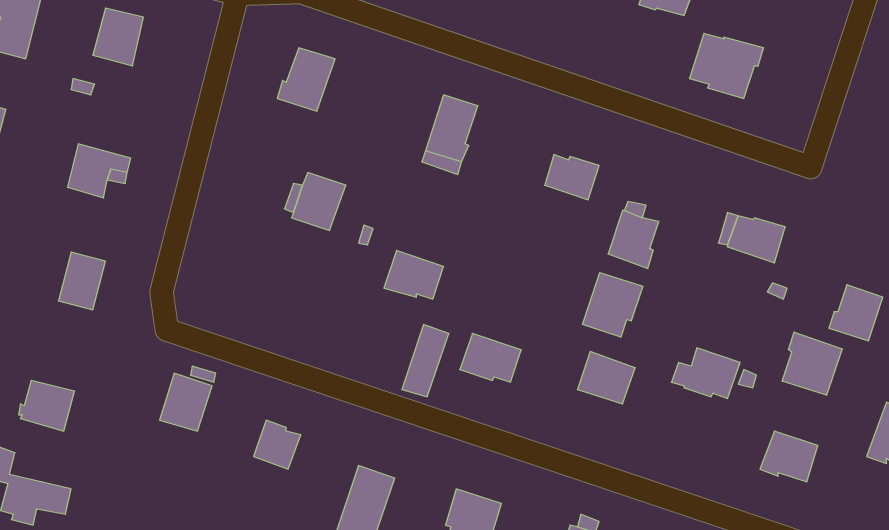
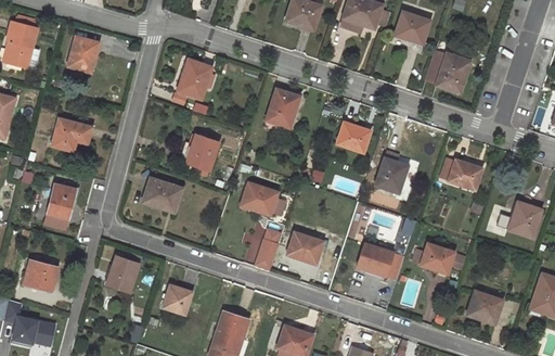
building: none -> [144,178,182,212]
building: [582,273,643,337] -> none
building: [782,332,842,395] -> none

